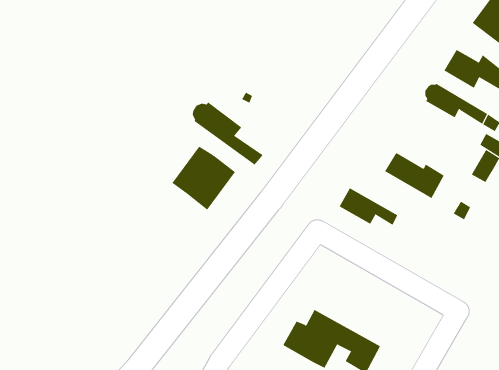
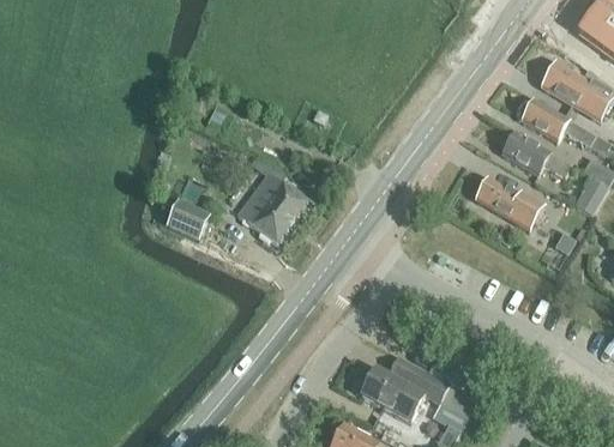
building: [192,102,263,166] -> none
building: none -> [164,198,210,240]
building: [339,187,398,226] -> [504,132,571,175]

